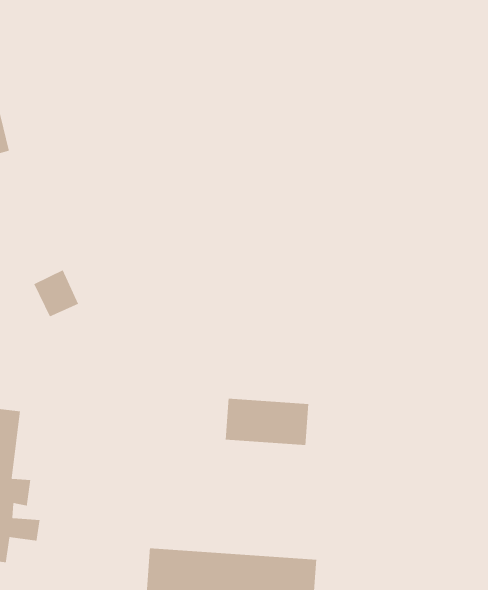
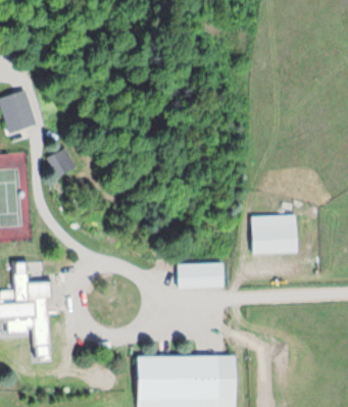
building: [33,269,79,317] -> [48,146,77,175]
building: none -> [250,214,298,253]

